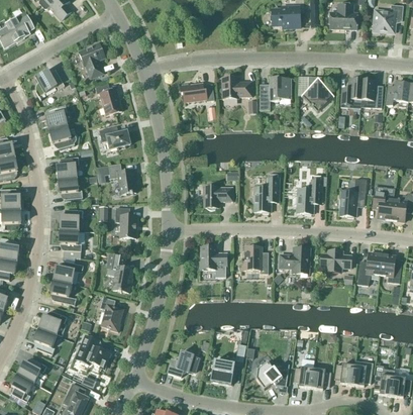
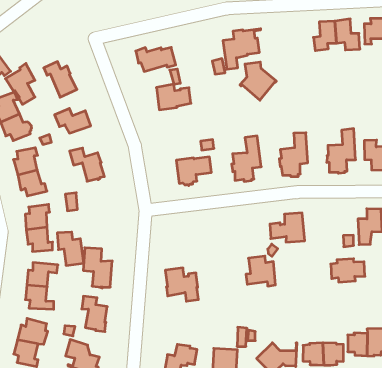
building: [79,41,105,78] -> [5,63,35,104]
building: [222,77,251,98] -> [156,84,191,110]
building: [301,77,334,111] -> [240,62,276,100]
building: [115,207,136,237] -> [57,232,84,265]
building: [199,246,227,277] -> [165,268,198,301]
building: [242,246,269,274] -> [246,256,275,286]
building: [320,250,351,272] -> [331,259,365,282]

